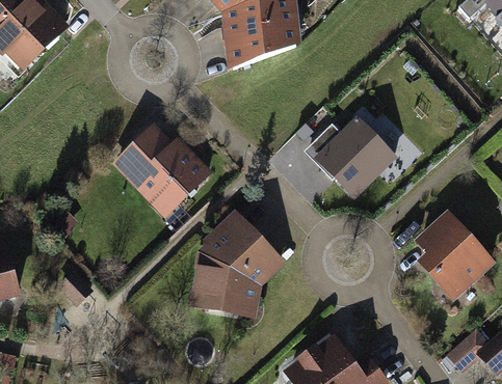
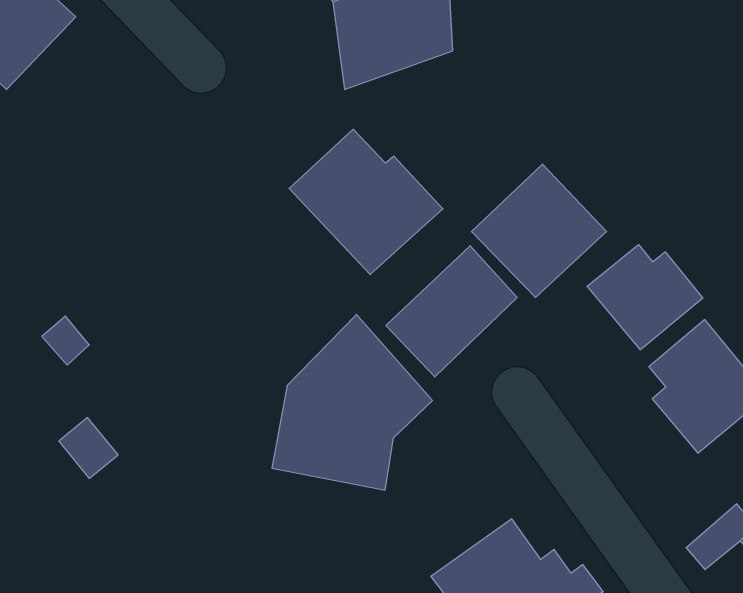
building: [113,124,208,213] -> [289,129,443,275]
building: none -> [587,245,703,350]
building: none -> [386,246,517,377]

